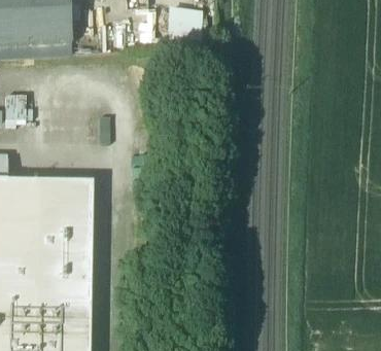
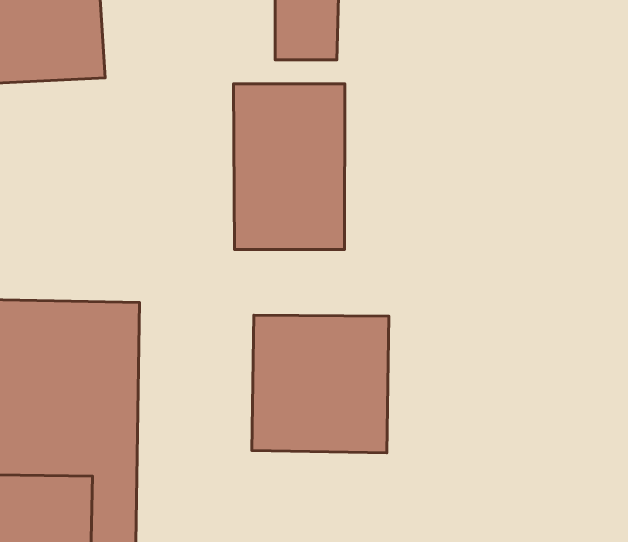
building: none -> [233,84,345,250]
building: none -> [252,315,389,453]

